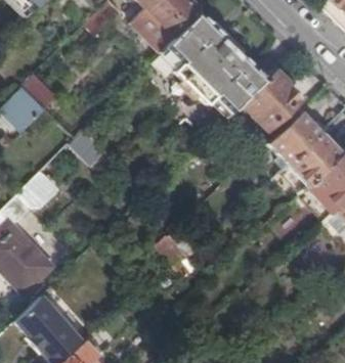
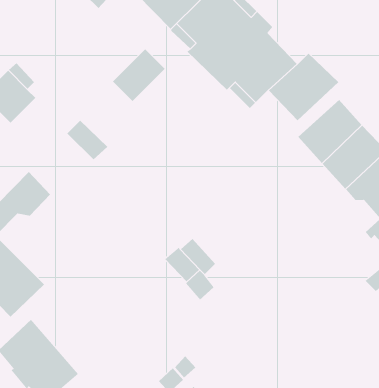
building: none -> [112,48,165,102]

